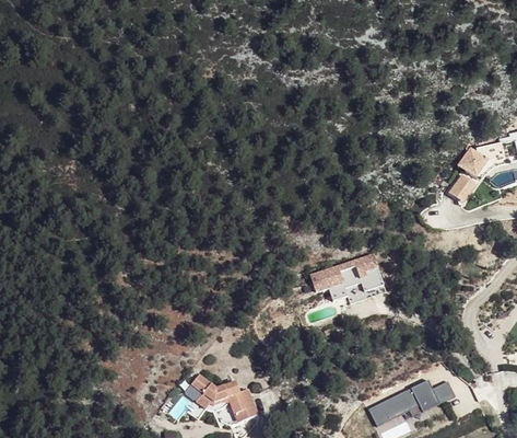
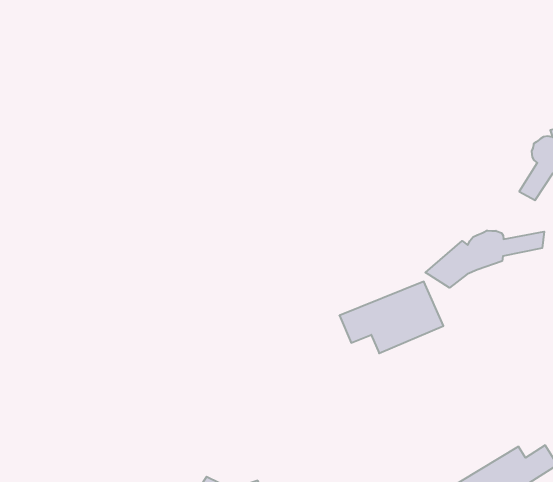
building: none -> [425,230,544,288]

